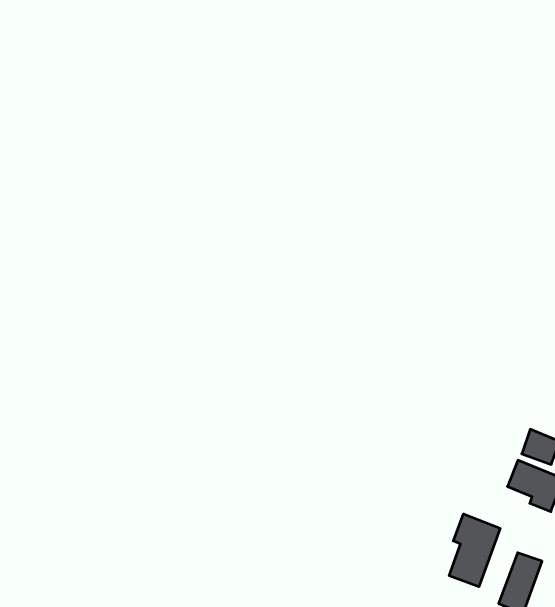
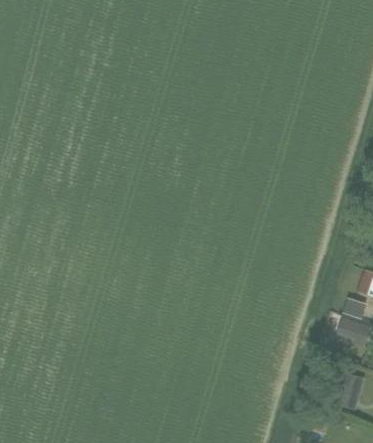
building: [449,514,500,587] -> none

